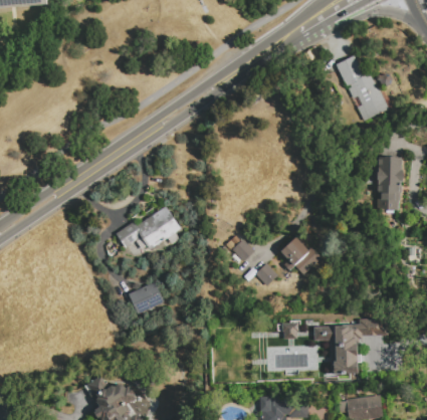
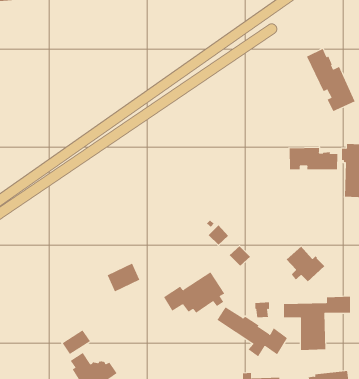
building: none -> [289,147,338,170]
building: [116,205,181,249] -> [163,271,225,313]
building: [280,235,322,273] -> [286,246,325,282]
building: none -> [62,329,91,355]

